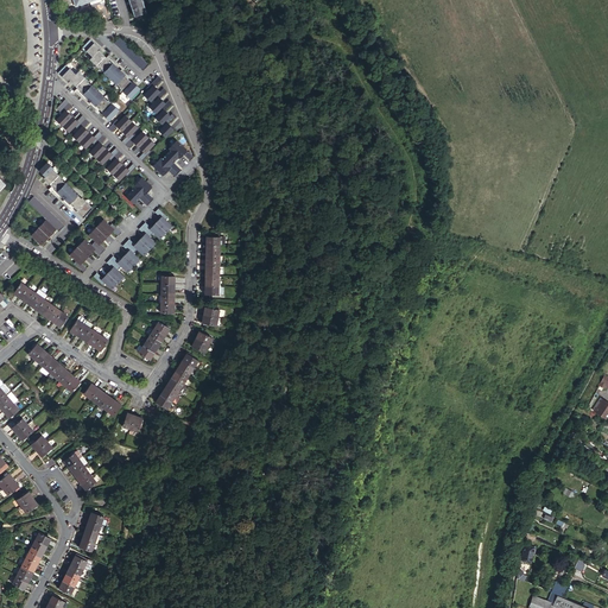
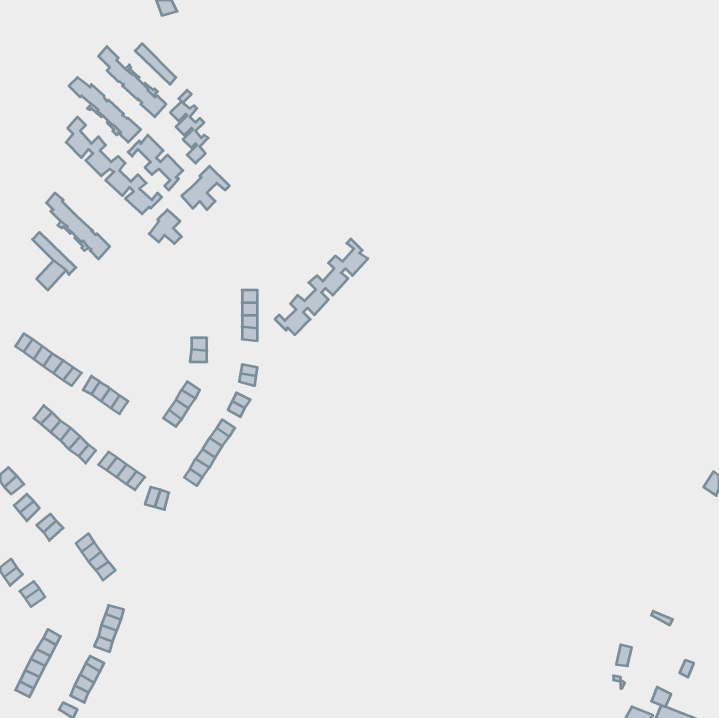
building: [94,210,172,291] -> [275,239,368,335]
building: [69,220,121,273] -> none

